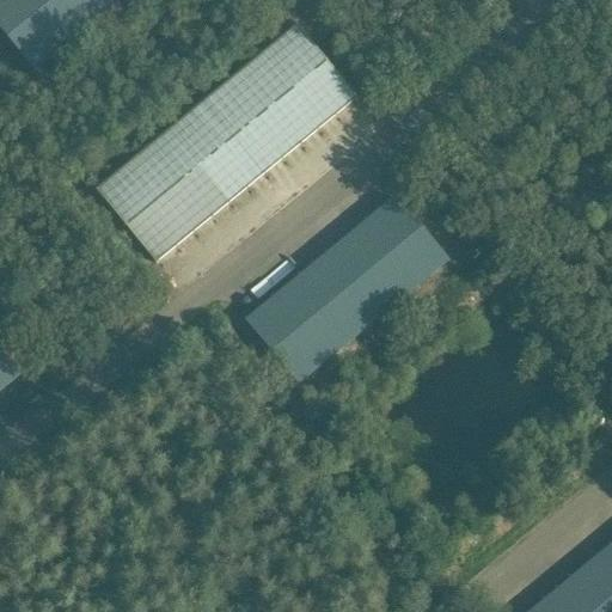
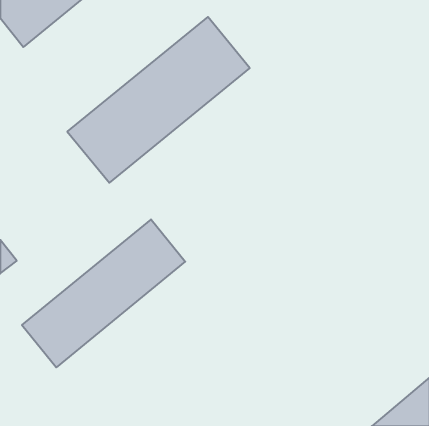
building: [245,192,451,381] -> none
building: none -> [22,219,185,367]

